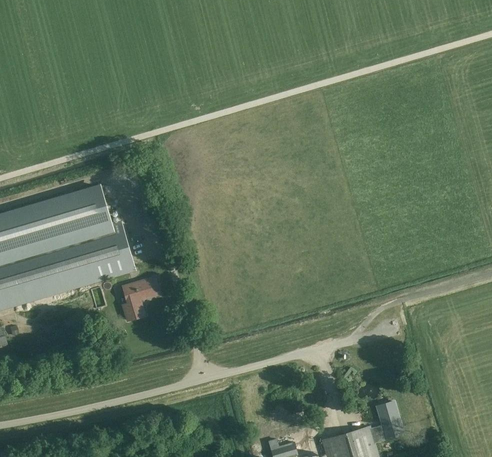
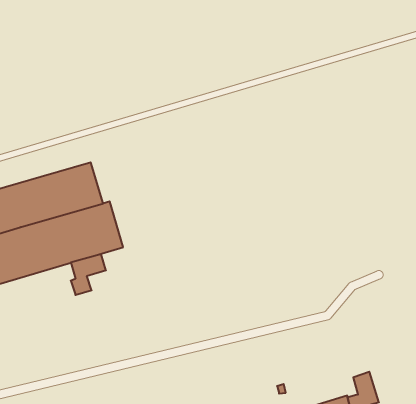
building: [122,278,159,321] -> [71,254,106,295]

